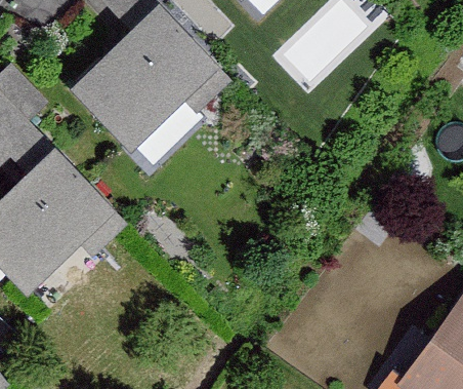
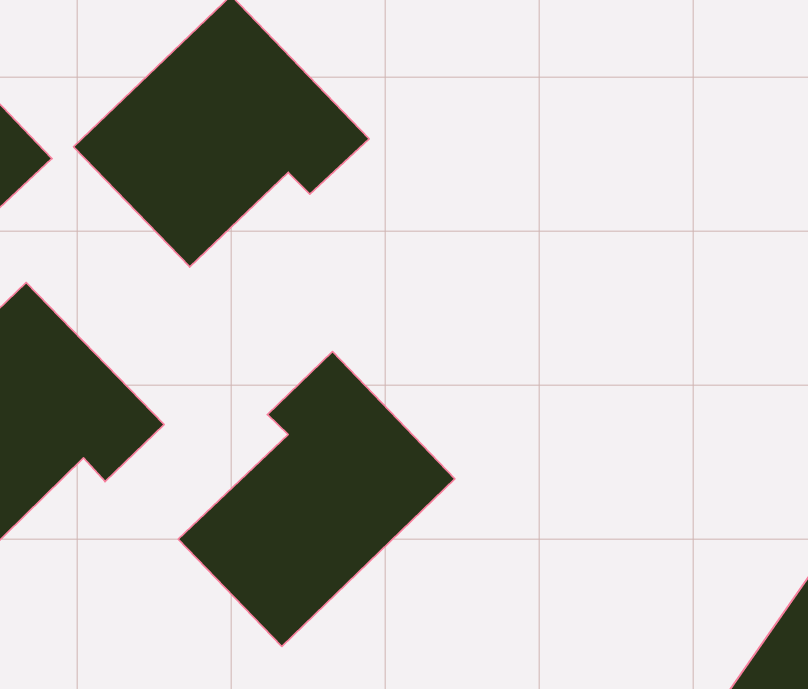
building: none -> [178,352,455,646]

